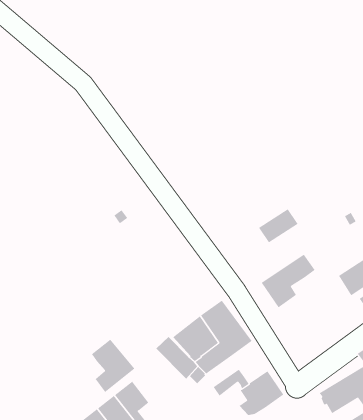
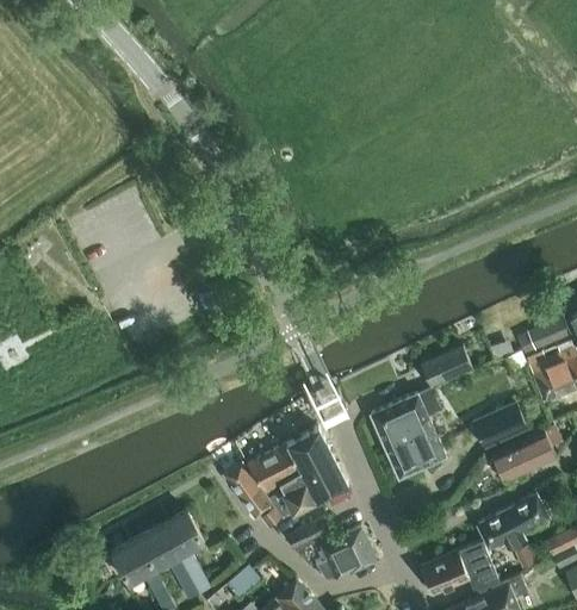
building: [258,209,298,243] -> [422,348,473,387]
building: none -> [387,417,447,478]
building: [91,339,135,393] -> none

